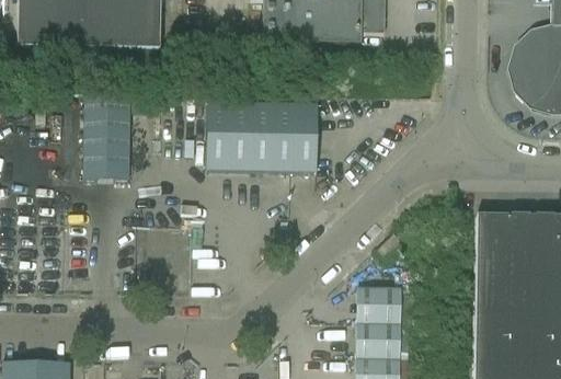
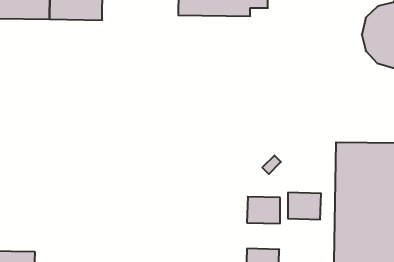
building: [83,91,129,180] -> none
building: [206,102,318,172] -> none
building: [356,322,401,358] -> [288,193,321,219]

